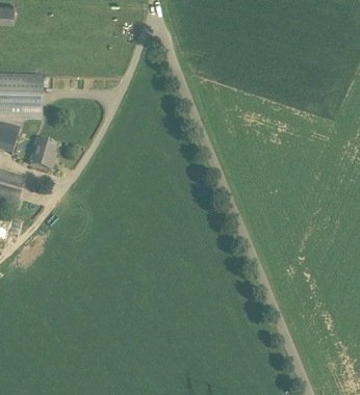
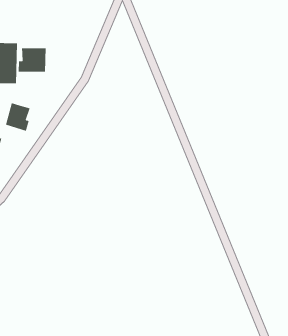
building: none -> [18,48,46,72]

